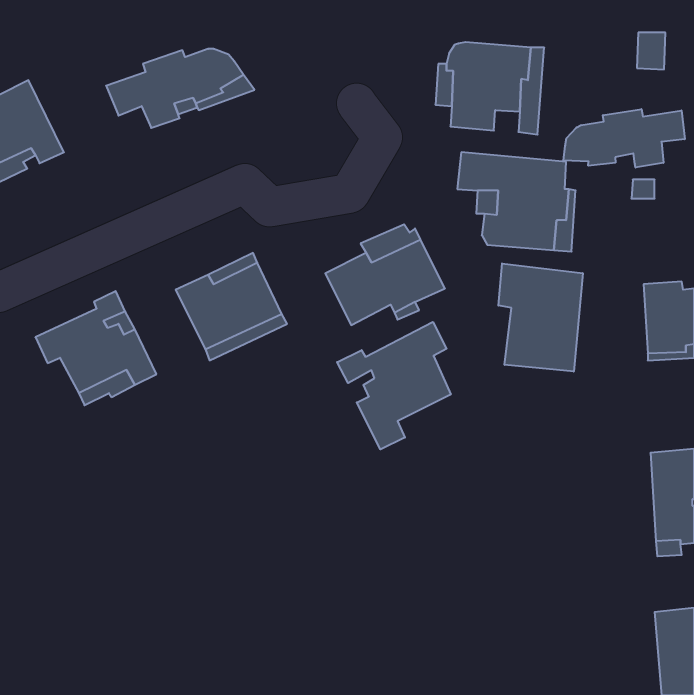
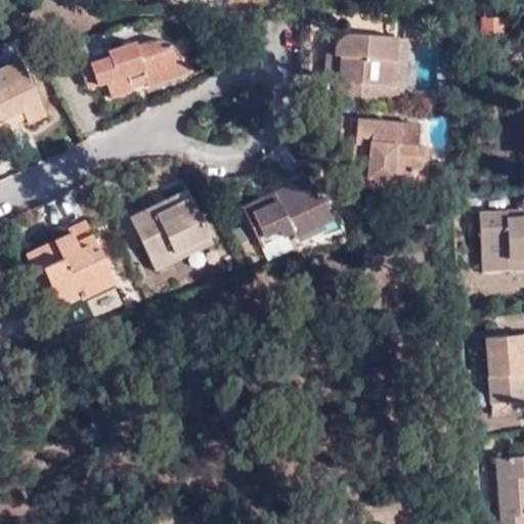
building: [563,109,685,168] -> none
building: [498,263,583,372] -> none
building: [337,322,451,449] -> none

